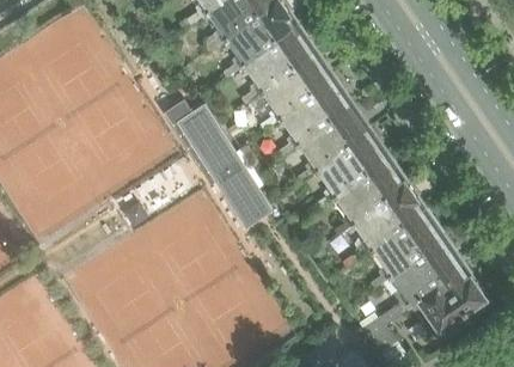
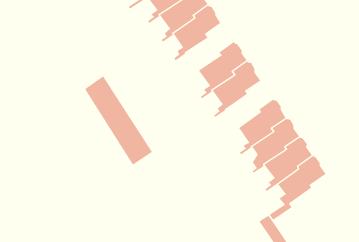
building: [262,48,330,128] -> none
building: [177,103,274,230] -> [84,76,153,166]
building: [318,129,386,208] -> none
building: [409,261,489,329] -> none

